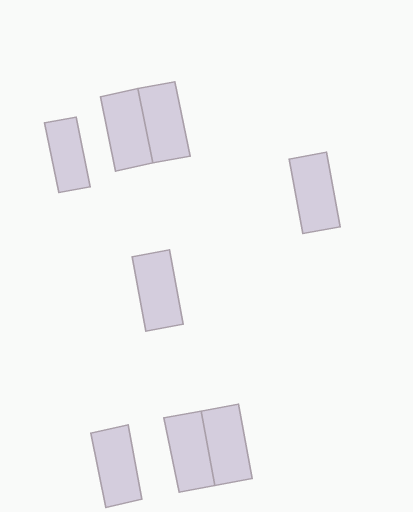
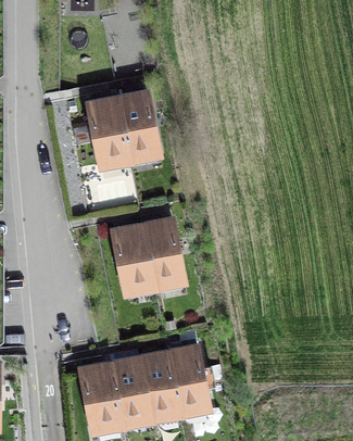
building: [45,117,90,193] -> none
building: [289,152,340,234] -> [142,222,182,286]
building: none -> [110,360,150,424]

